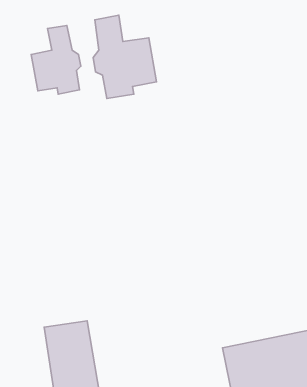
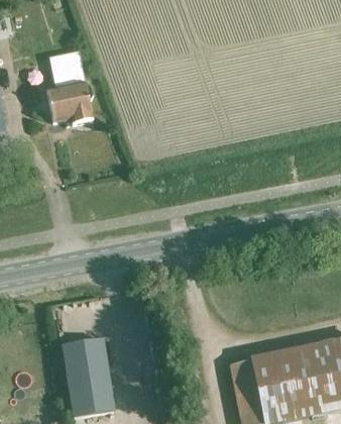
building: [93,15,157,98] -> none

